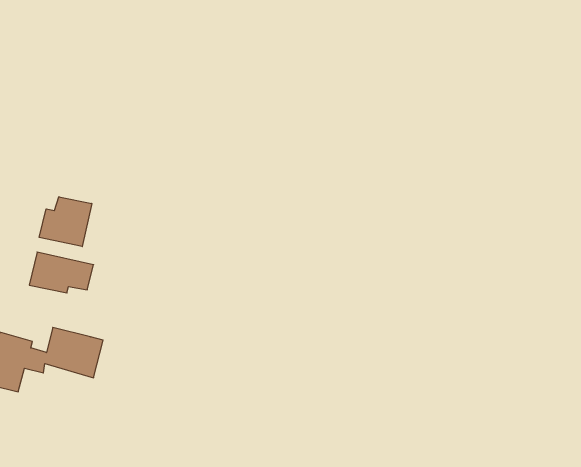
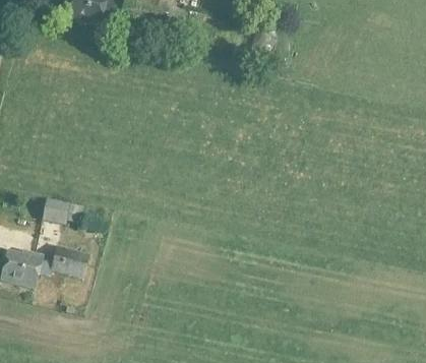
building: [39,197,92,247] -> none

